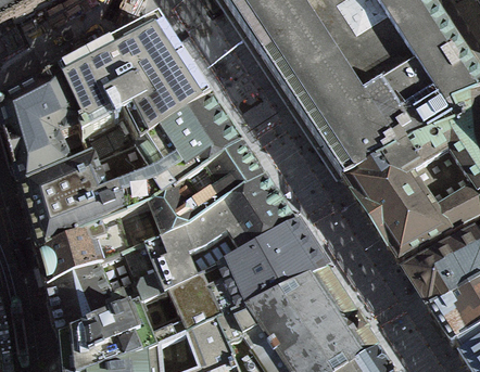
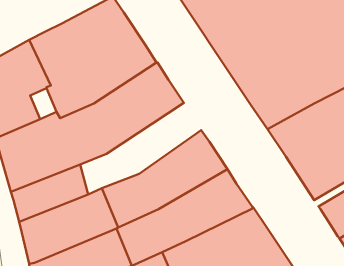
building: [122,141,266,251] -> none

